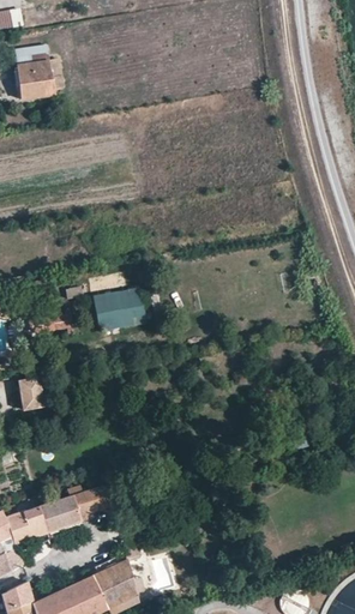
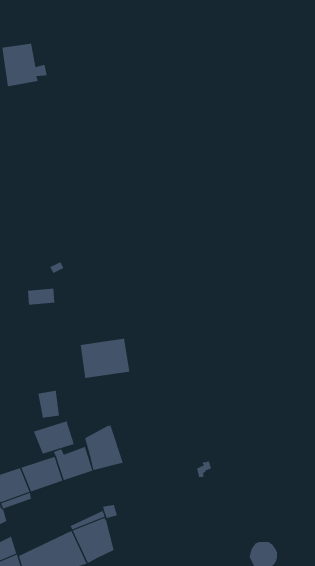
building: [94,289,148,332] -> [80,338,130,379]
building: [18,379,42,409] -> [38,390,60,418]
building: none -> [33,421,75,454]
building: none -> [84,424,124,471]

